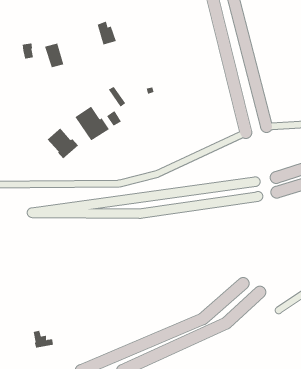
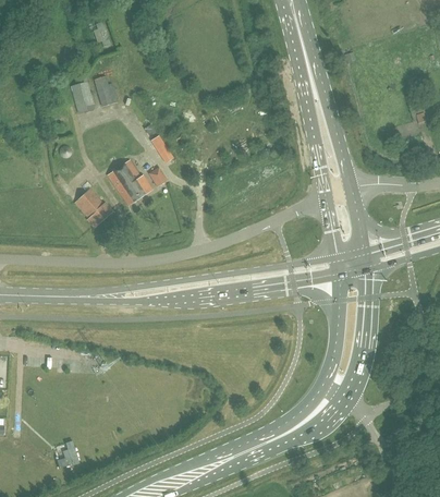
building: [97,21,117,45] -> [94,75,119,106]

